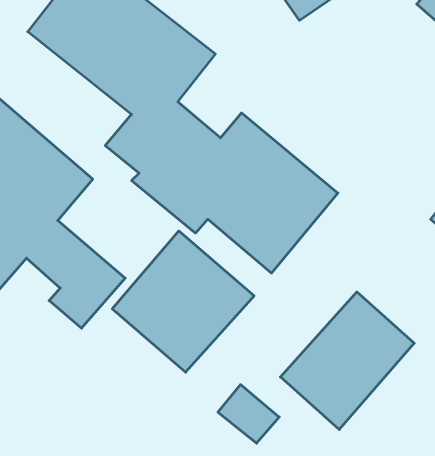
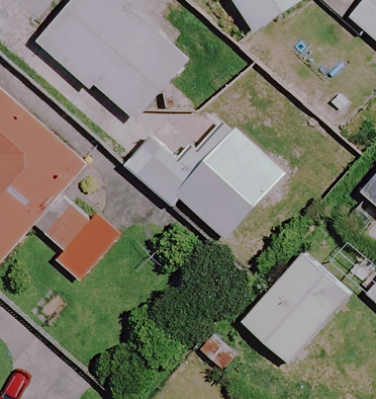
building: [112,231,254,372] -> none

